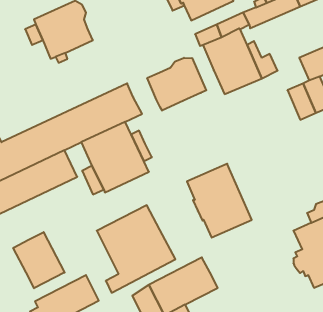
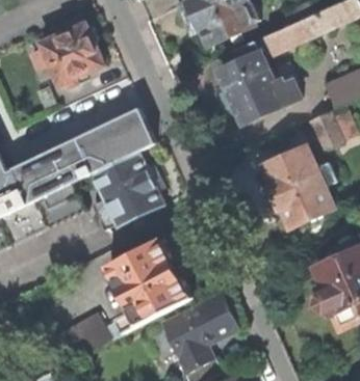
building: [147,58,206,111] -> none
building: [187,164,252,238] -> [264,146,333,224]
building: [13,232,65,288] -> none

